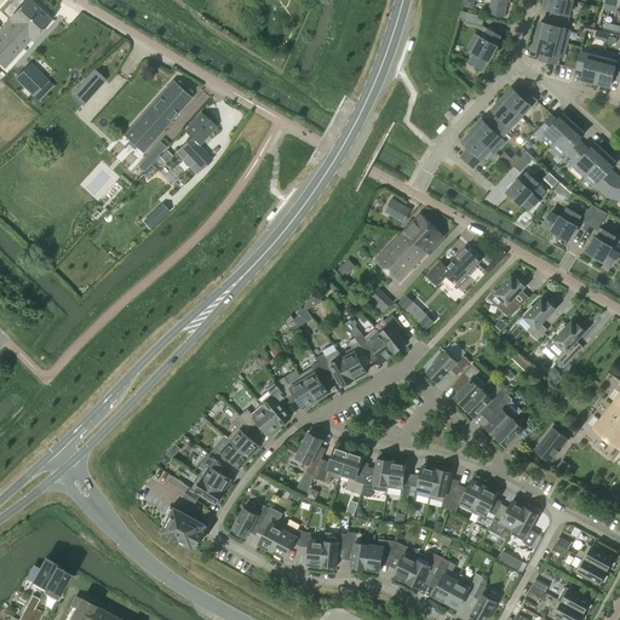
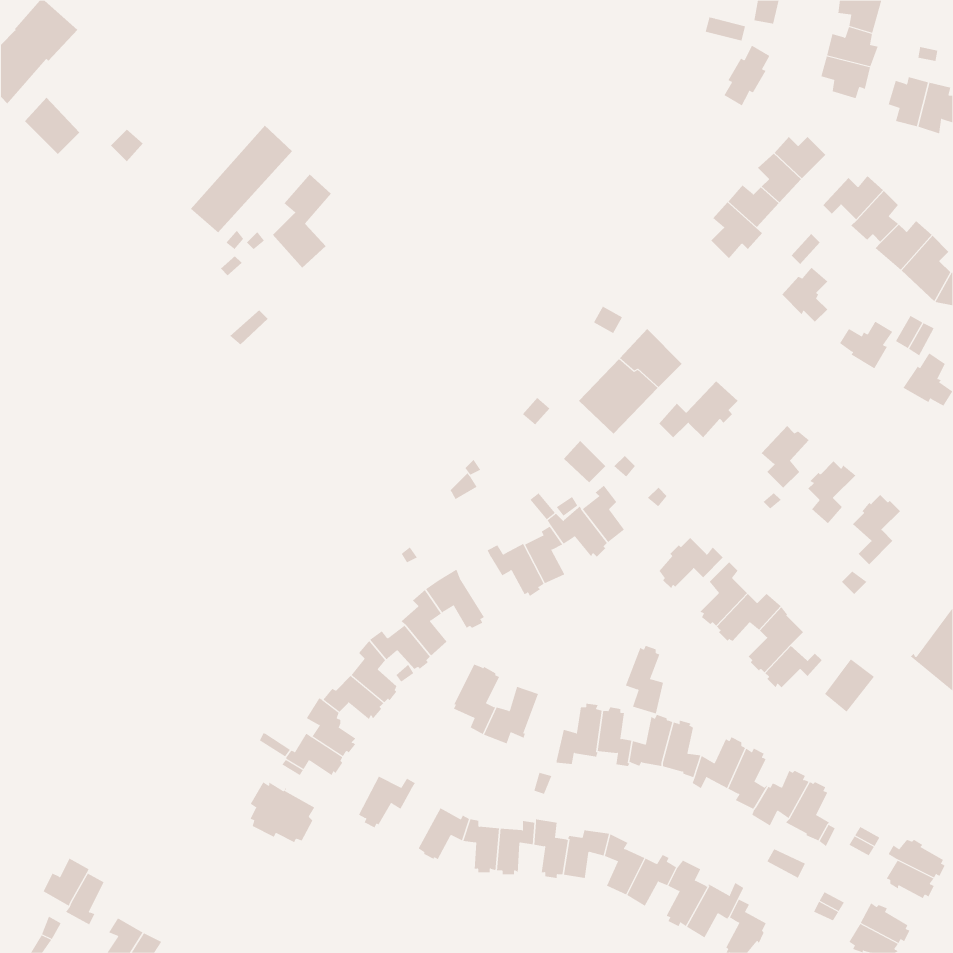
building: [299,362,328,401] -> none
building: [340,449,366,494] -> [625,645,664,714]
building: [259,512,285,551] -> none

